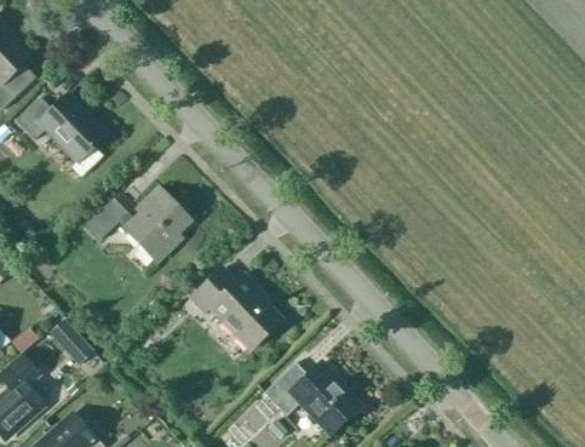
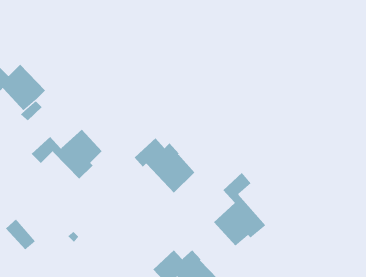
building: none -> [213,172,266,247]
building: [191,268,281,349] -> [134,138,195,193]

